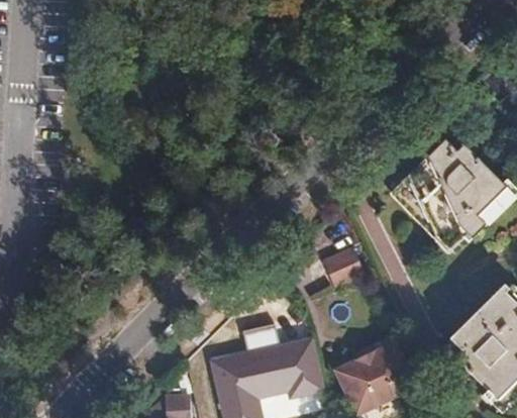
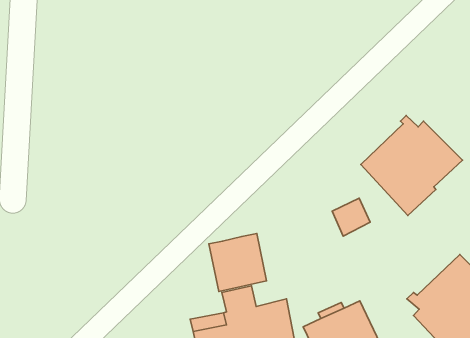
building: [324,245,366,287] -> [332,198,370,236]
building: none -> [209,233,267,291]

